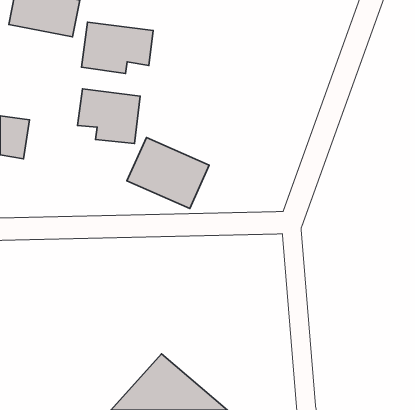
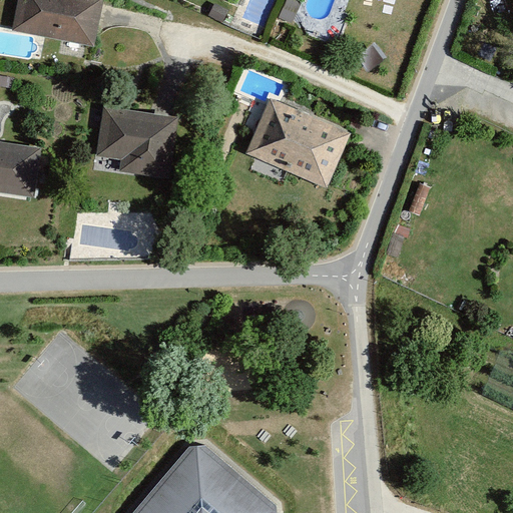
building: [81,22,153,74] -> none
building: [127,137,209,208] -> [246,101,348,188]

